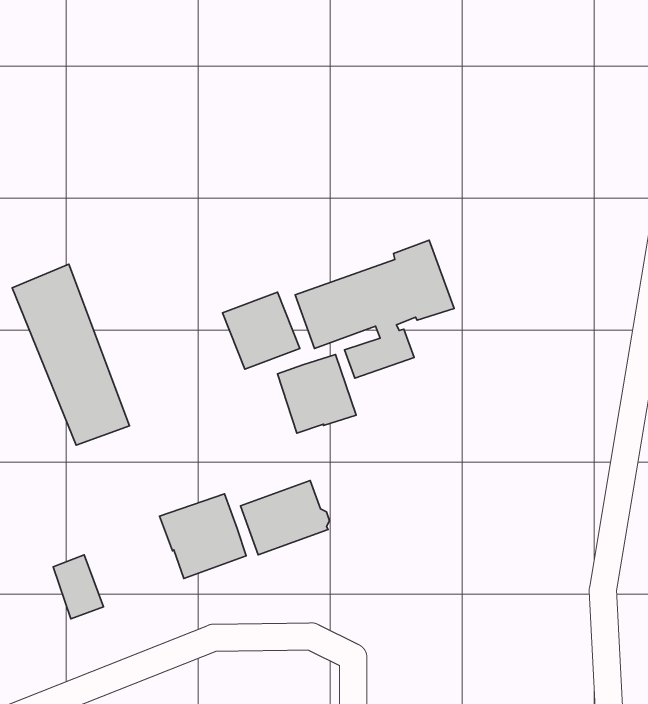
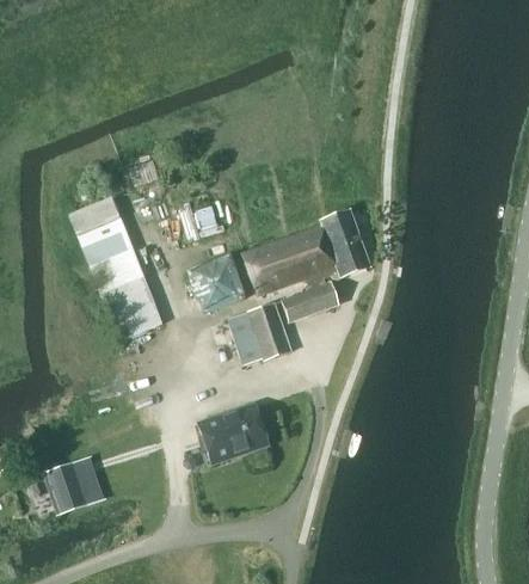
building: [12,264,130,445] -> [68,193,162,339]
building: [160,494,246,579] -> none

